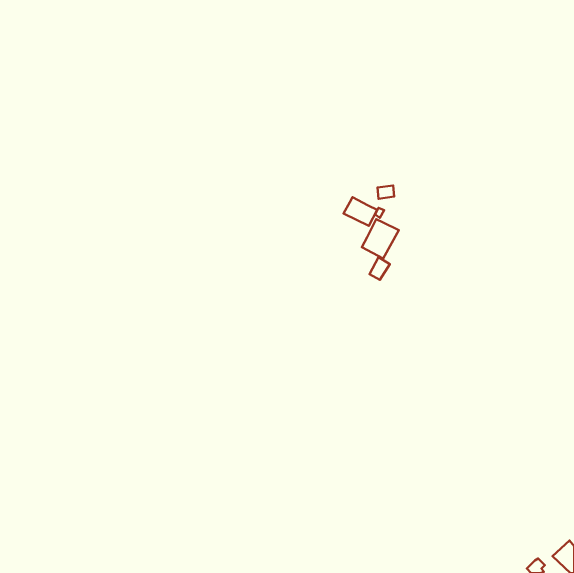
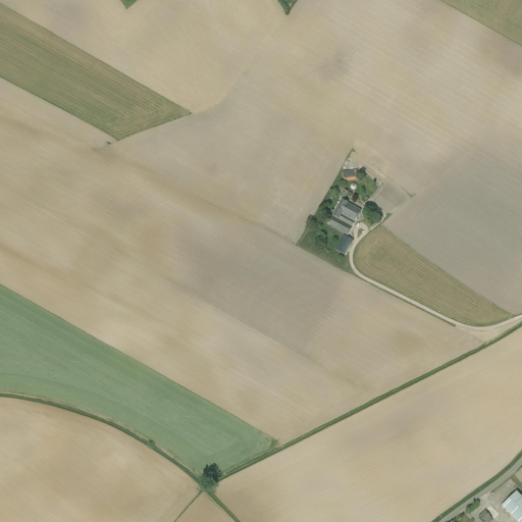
building: [344,197,377,226] -> none

